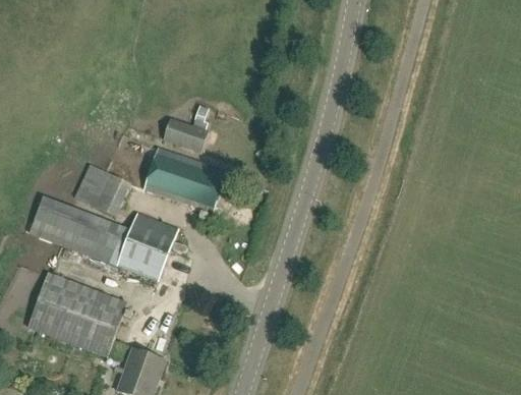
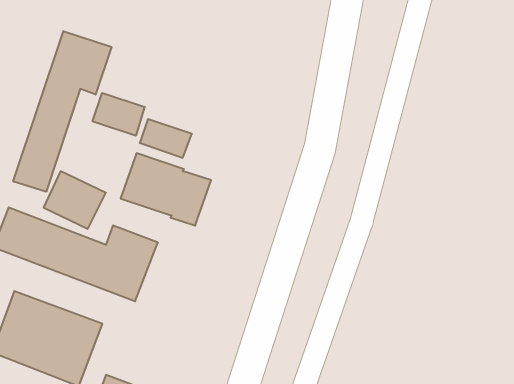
building: none -> [13,31,112,192]
building: none -> [93,93,145,136]

